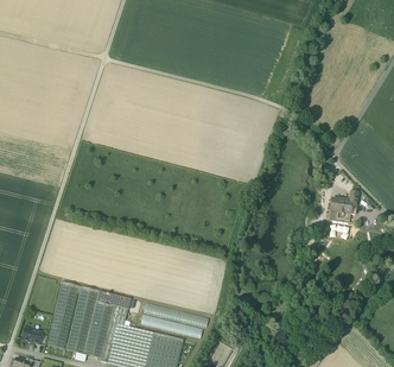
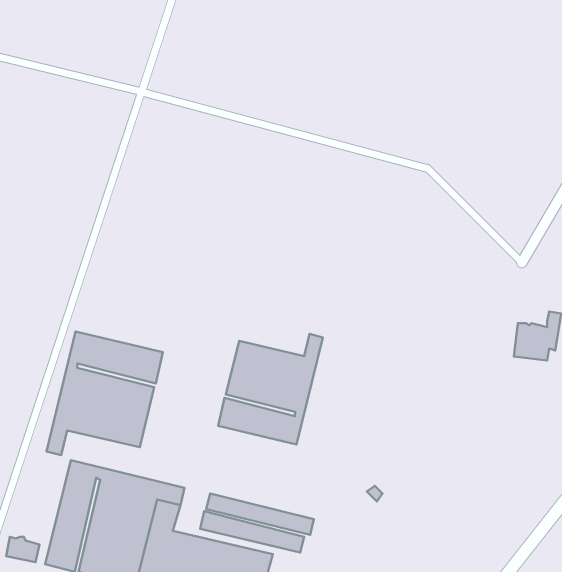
building: none -> [47,332,163,455]
building: none -> [218,334,323,445]

